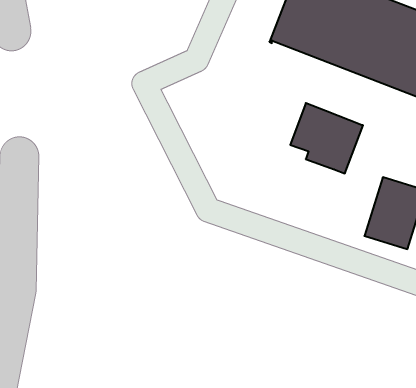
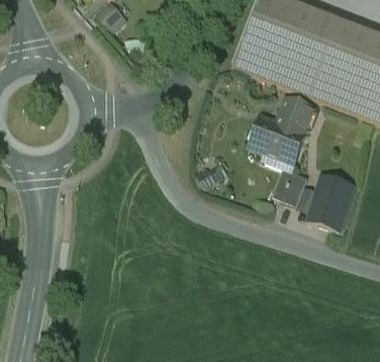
building: none -> [276,94,314,131]
building: none -> [273,166,307,204]

